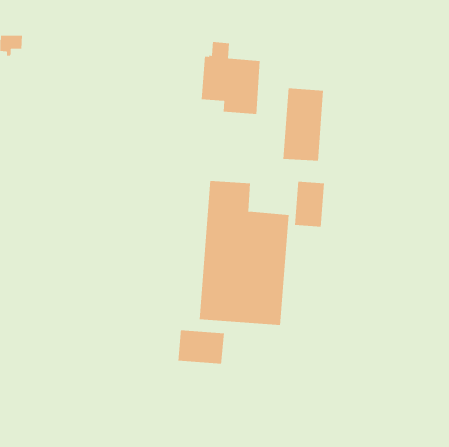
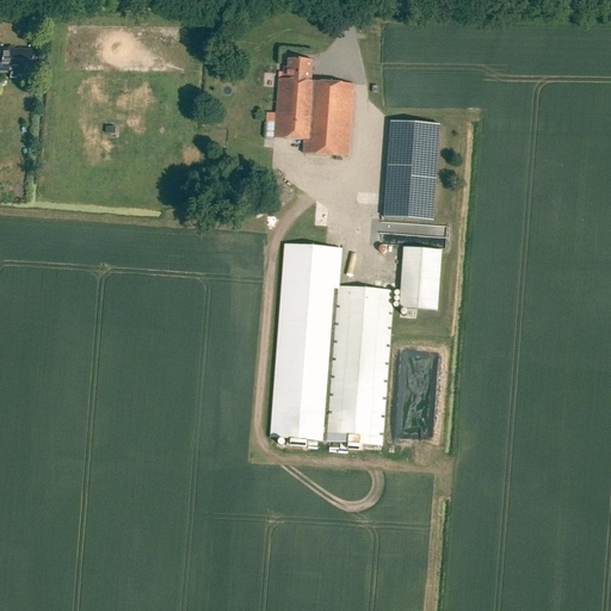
building: [178,330,224,364] -> none

